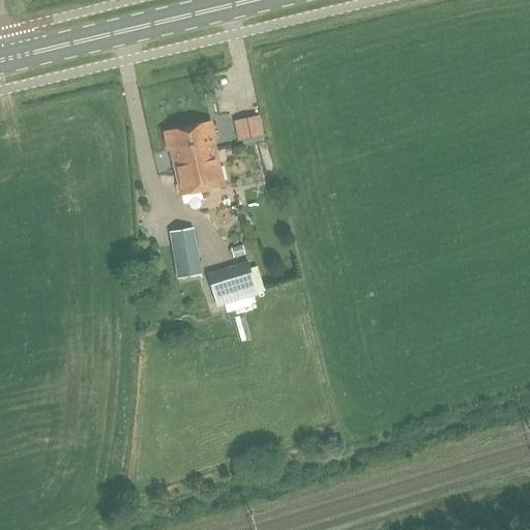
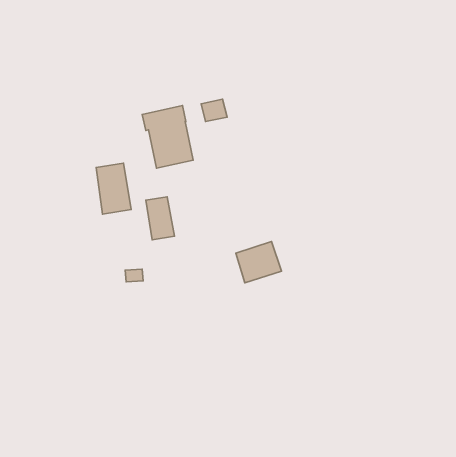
building: none -> [96,163,131,214]
building: [206,261,259,308] -> [236,242,281,283]

